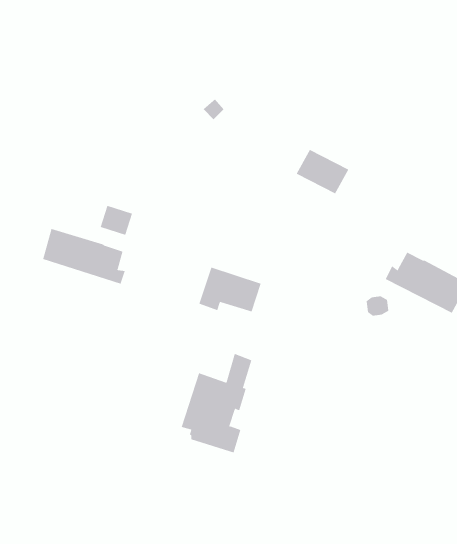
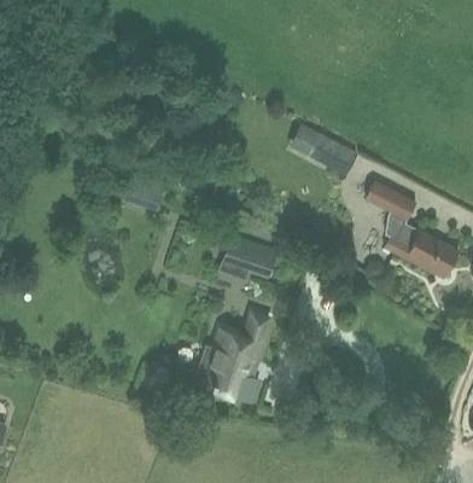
building: none -> [366,181,415,220]
building: [42,228,125,284] -> none

